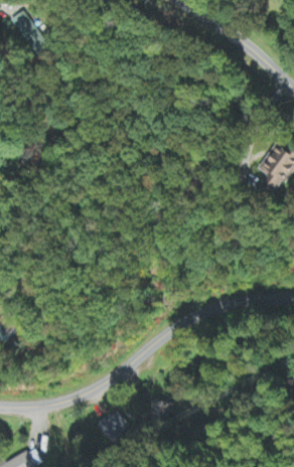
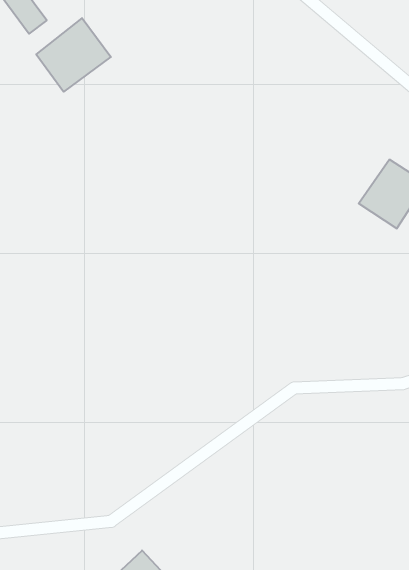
building: none -> [36,18,111,92]

